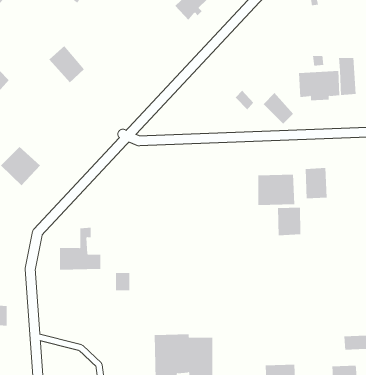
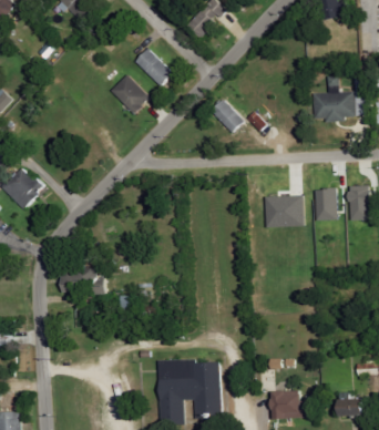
building: none -> [134,49,173,88]
building: [48,45,85,83] -> [111,75,148,114]
building: [263,92,294,125] -> [207,98,239,131]
building: none -> [350,186,371,222]
building: [277,207,301,236] -> none

